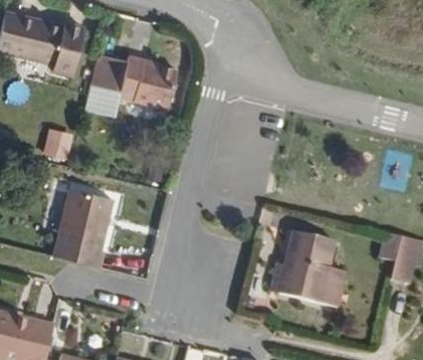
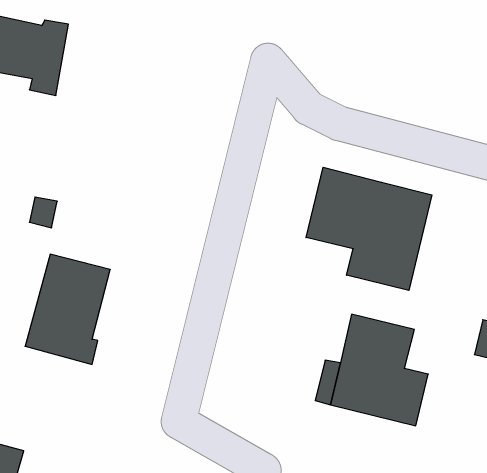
building: [89,52,182,115] -> none
building: none -> [306,167,432,290]

